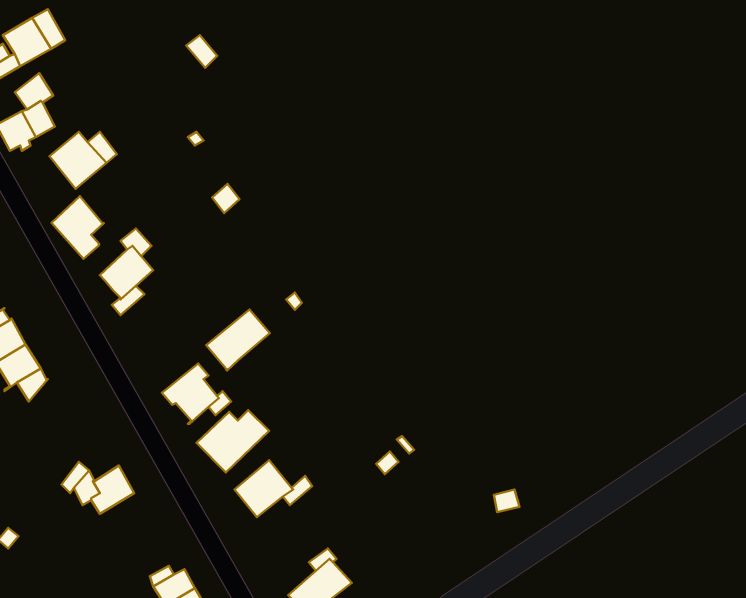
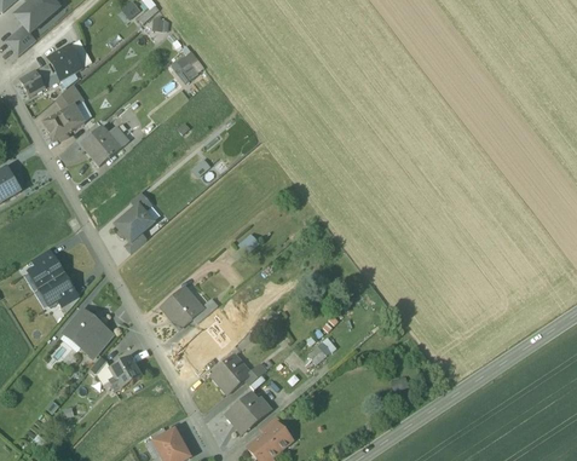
building: [51,196,104,259] -> none
building: [206,310,270,371] -> none
building: none -> [65,310,106,358]
building: none -> [225,394,269,432]

